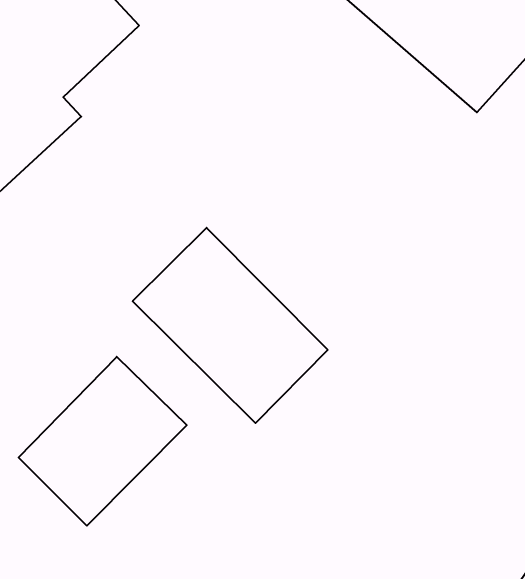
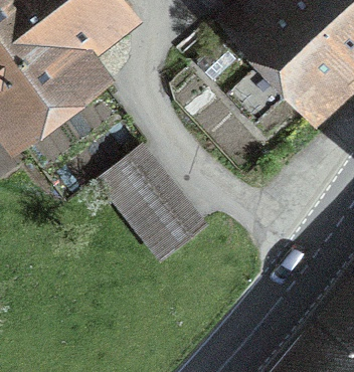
building: [19,357,187,526] -> none

